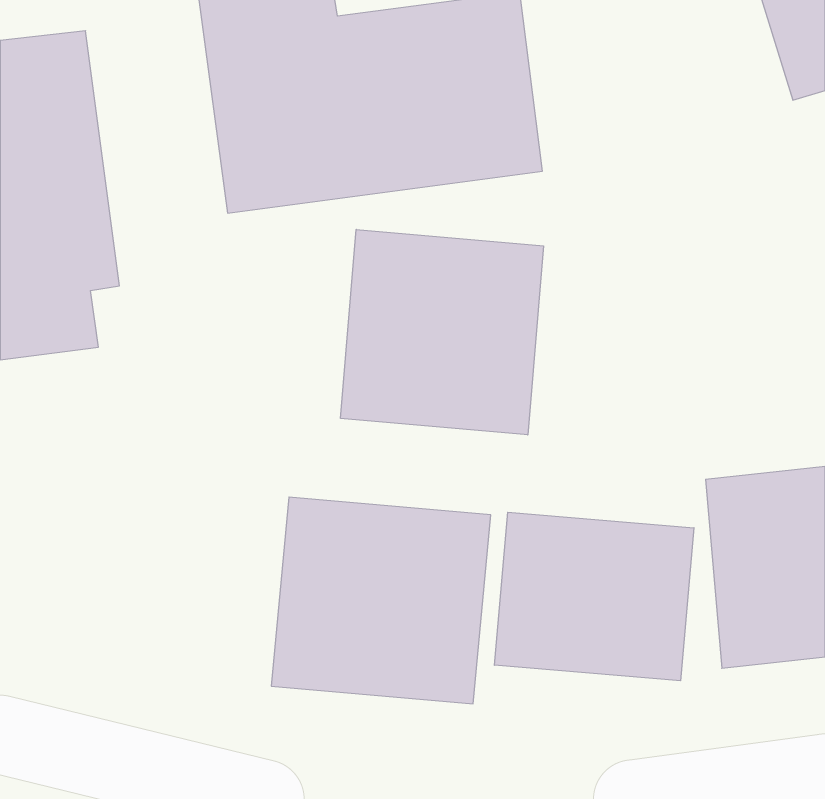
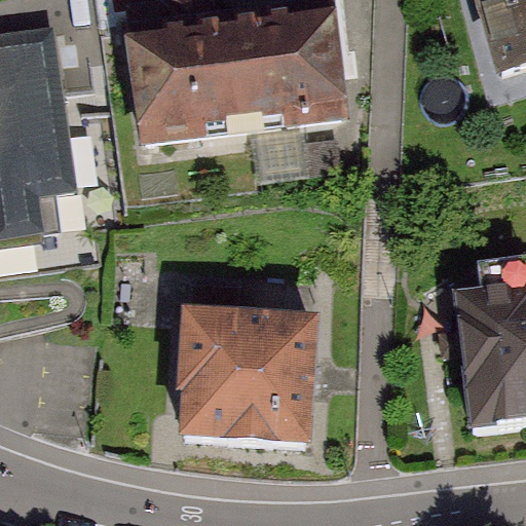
building: [341,229,543,435] -> none
building: [494,512,694,681] -> none

